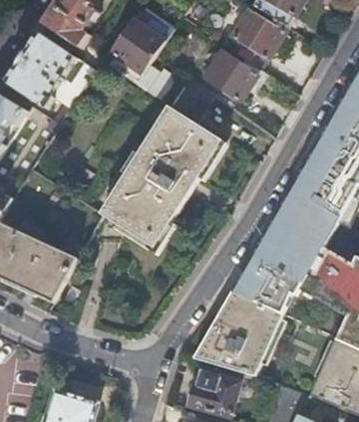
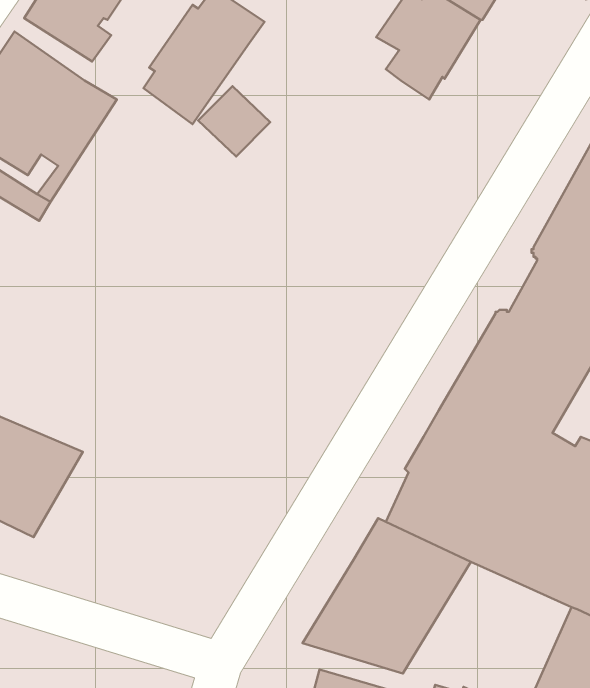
building: [204,51,261,100] -> none
building: [100,77,214,240] -> none

